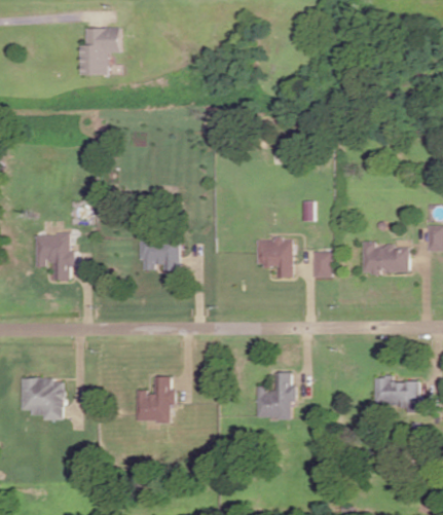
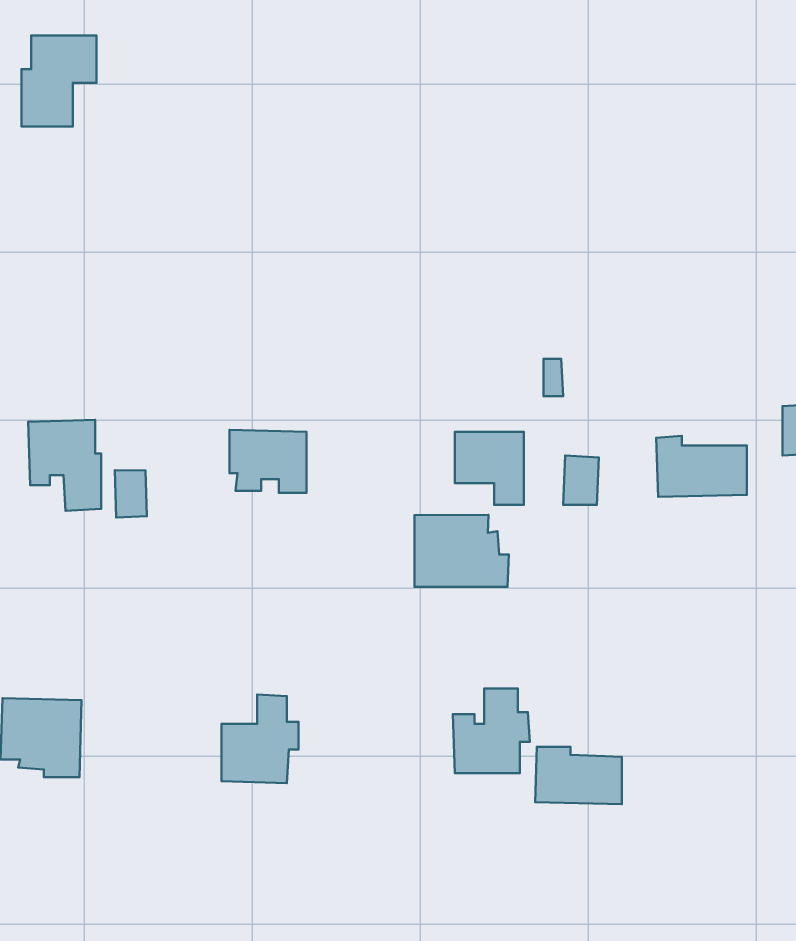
building: [79,28,118,75] -> [21,36,96,126]
building: none -> [115,470,147,518]
building: none -> [414,515,509,587]
building: [373,377,418,407] -> [535,747,622,804]

